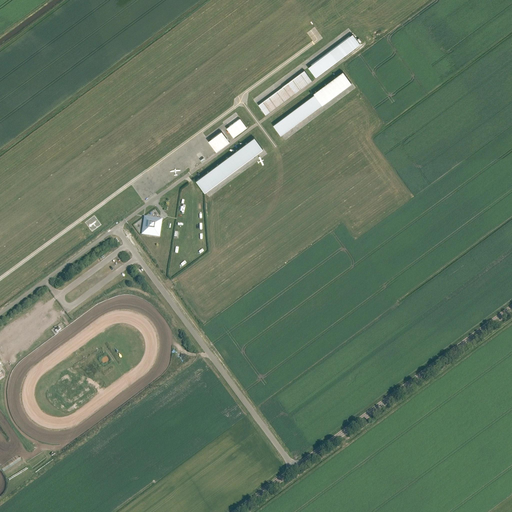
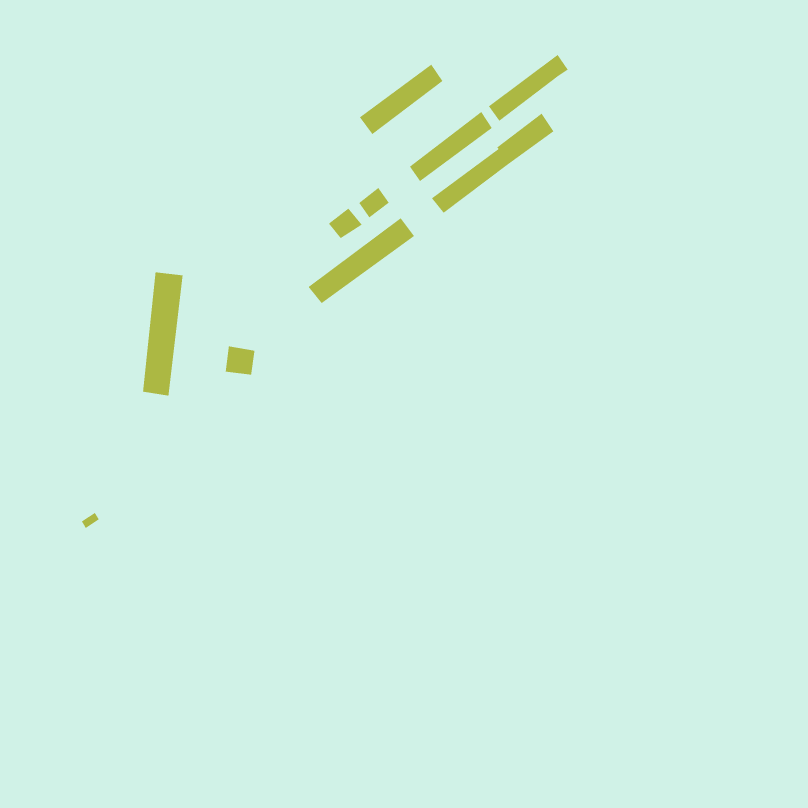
building: none -> [359,64,444,135]
building: none -> [142,271,183,396]

